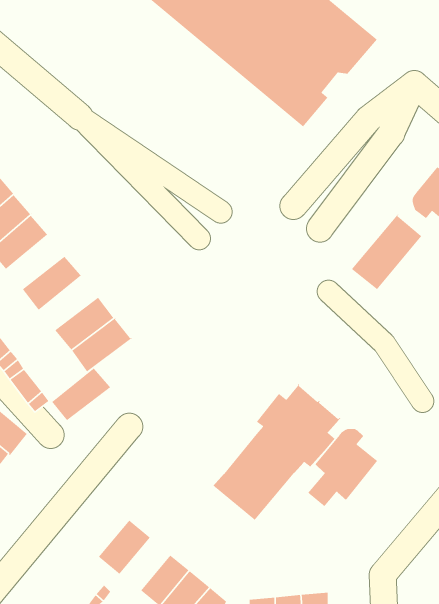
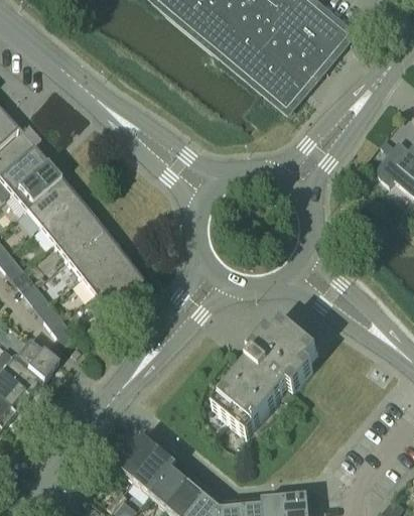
building: [351,213,424,290] -> none
building: none -> [39,197,90,243]
building: [51,366,113,421] -> [66,231,118,277]
building: [307,428,378,507] -> none
building: none -> [134,450,176,495]

